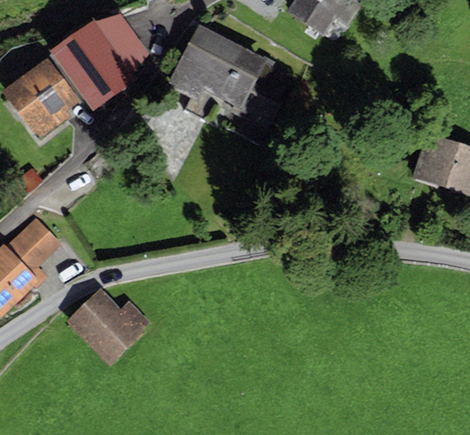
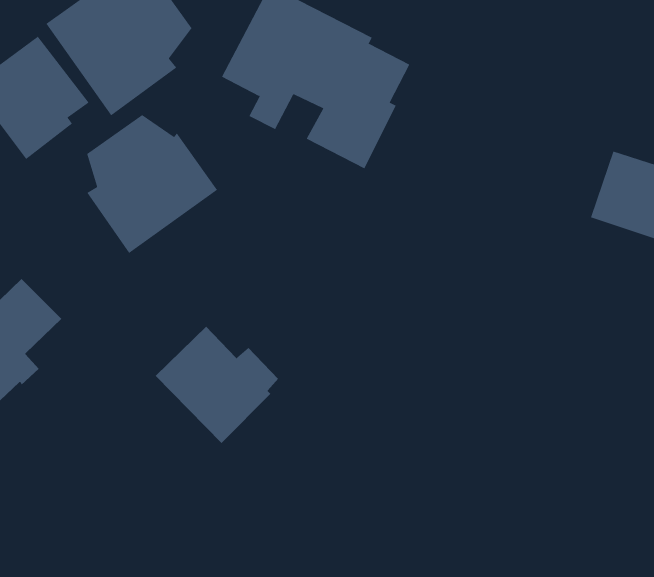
building: none -> [87,114,218,254]
building: [67,287,149,365] -> [155,326,279,444]

